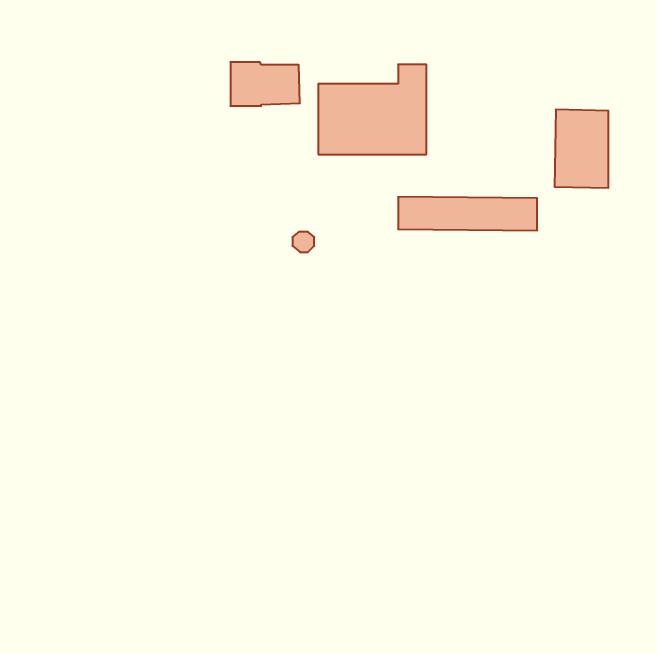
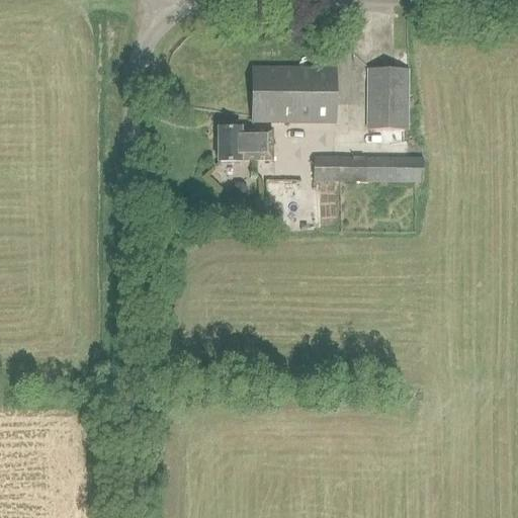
building: [230,62,300,106] -> [219,125,273,160]
building: [554,109,608,188] -> [366,67,409,128]

